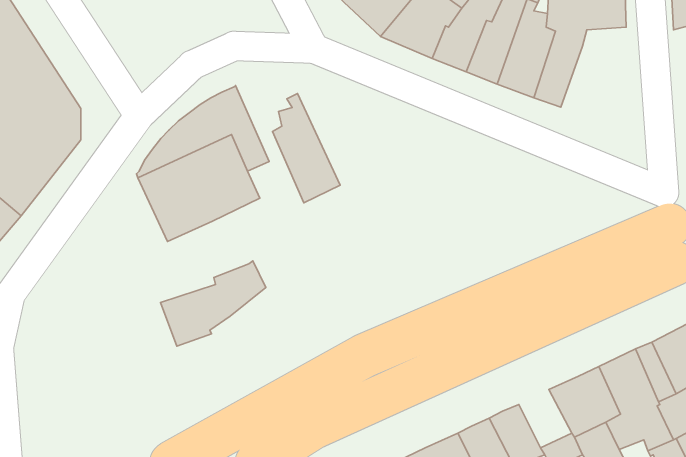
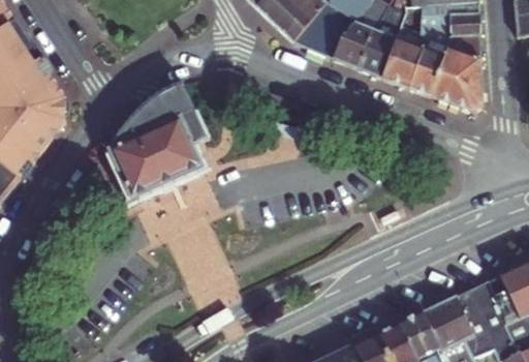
building: none -> [431,34,485,111]
building: [272,93,340,203] -> none
building: [161,261,266,346] -> none
building: none -> [399,310,439,355]

